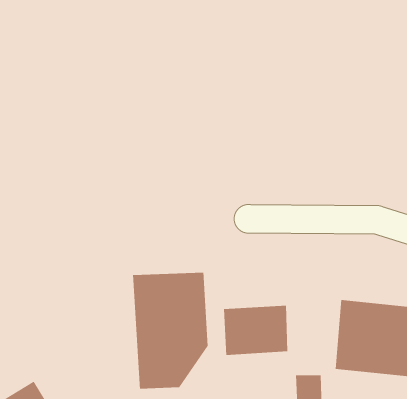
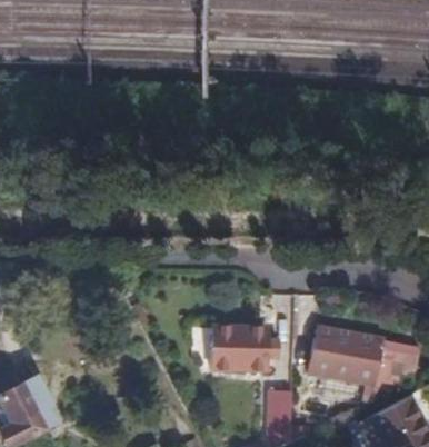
building: [133,272,208,389] -> none

